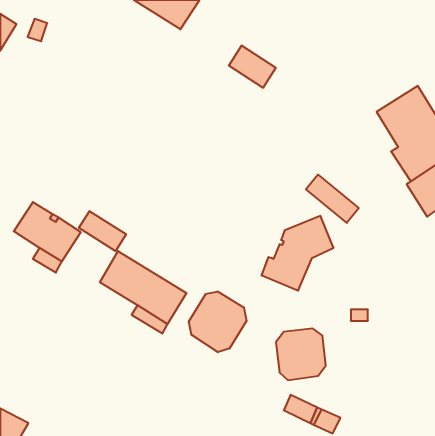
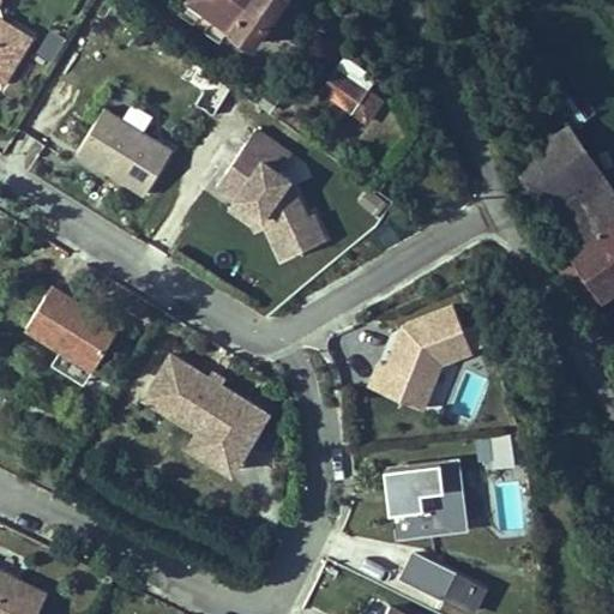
building: none -> [76,109,170,195]
building: none -> [215,131,323,259]
building: [306,175,359,223] -> none
building: [79,211,126,251] -> none
building: [189,291,247,352] -> none

